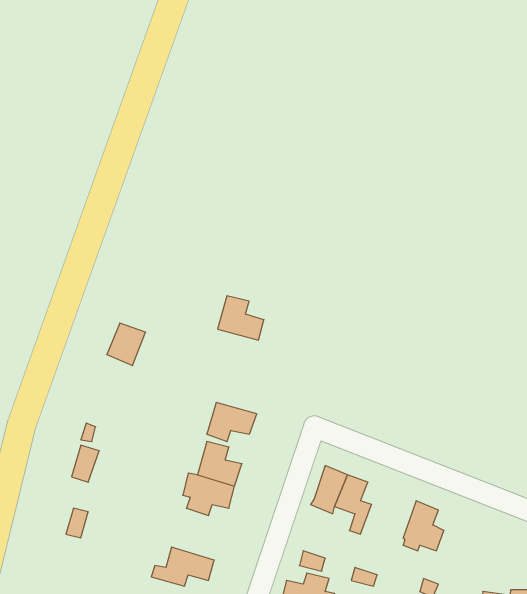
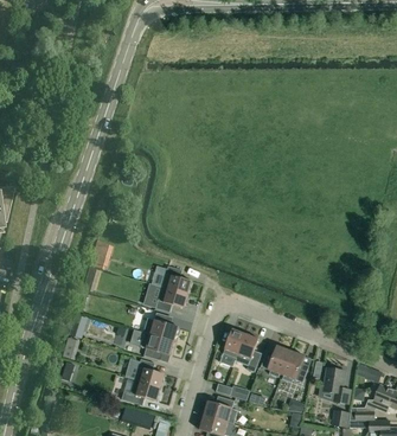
building: [218,296,264,340] -> [161,265,191,294]
building: none -> [260,345,289,377]
building: none -> [133,358,164,387]
building: none -> [322,367,350,403]

